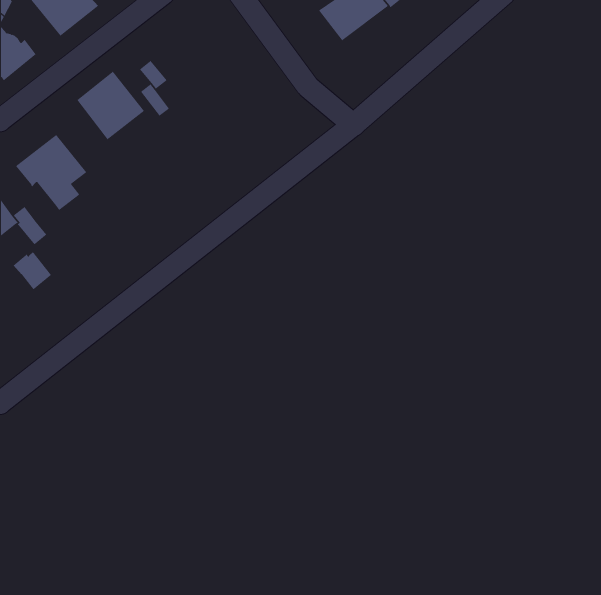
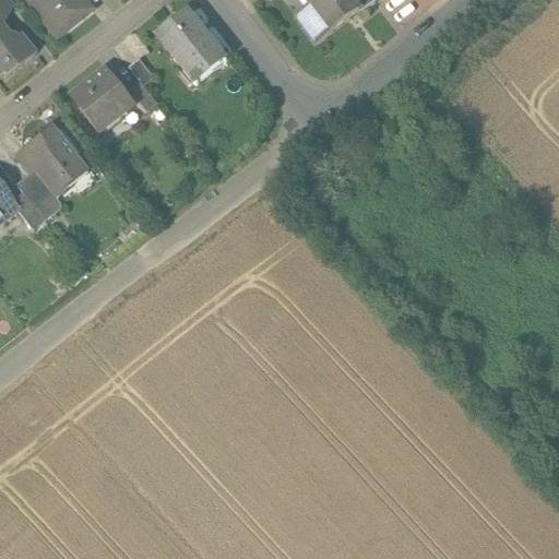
building: none -> [158,8,226,80]
building: [13,251,52,290] -> [16,169,52,205]

